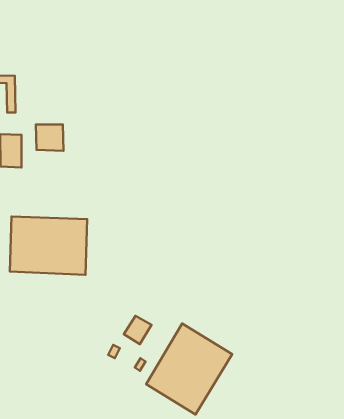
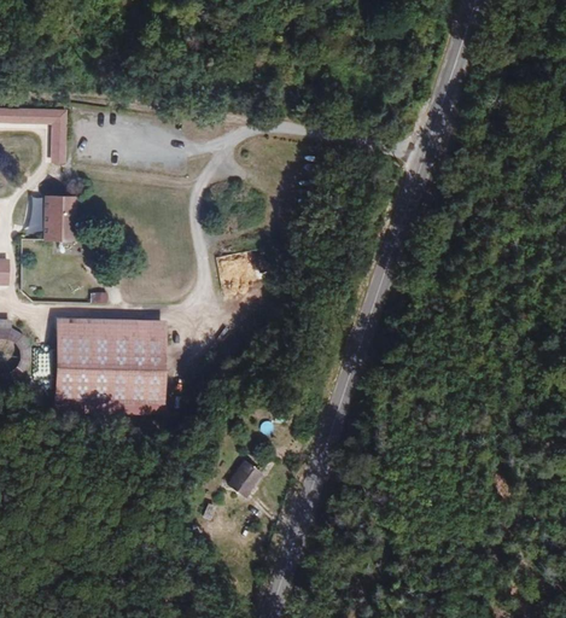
building: [36,125,64,151] -> none
building: [146,324,232,414] -> none

